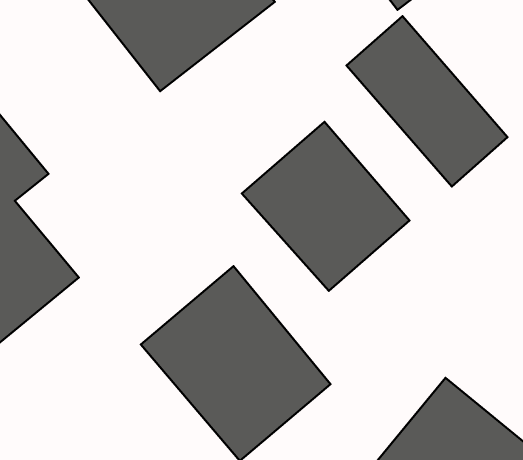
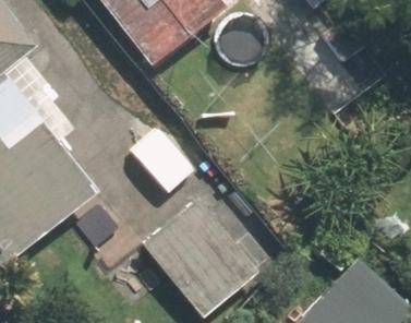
building: [242,122,409,291] -> none

